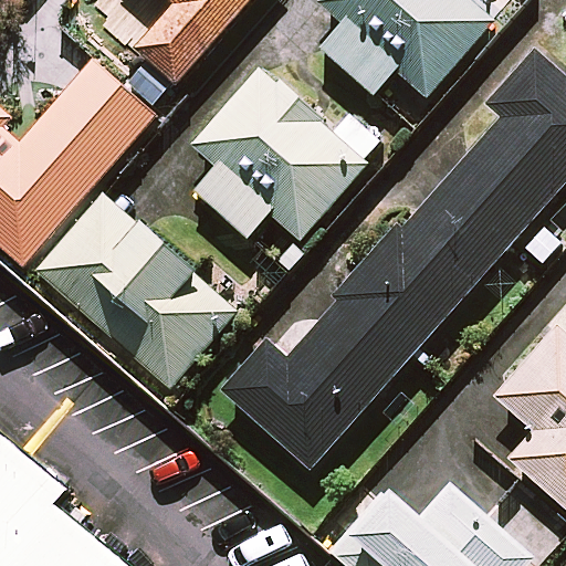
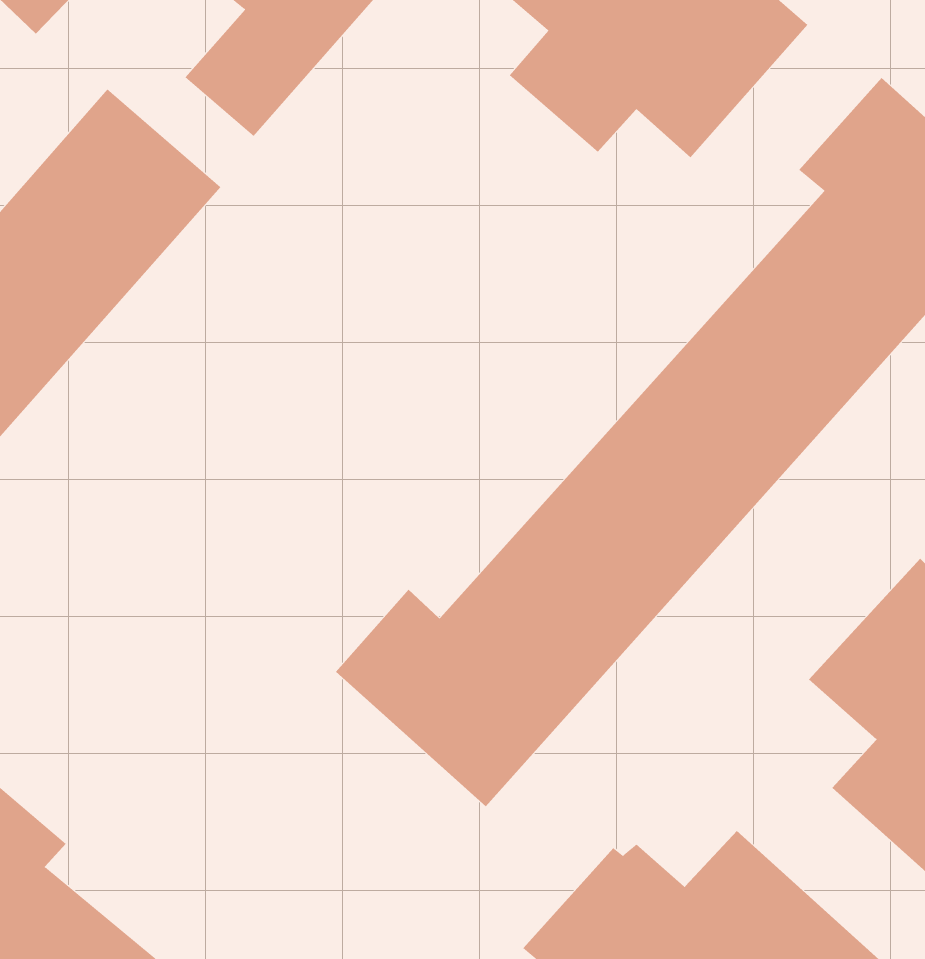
building: [195,70,380,241] -> none
building: [35,196,234,387] -> none

